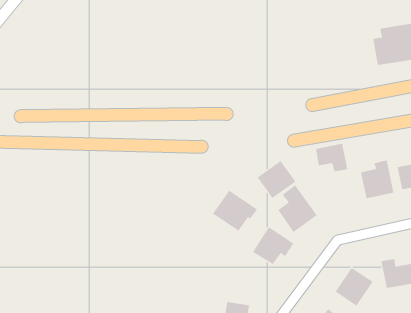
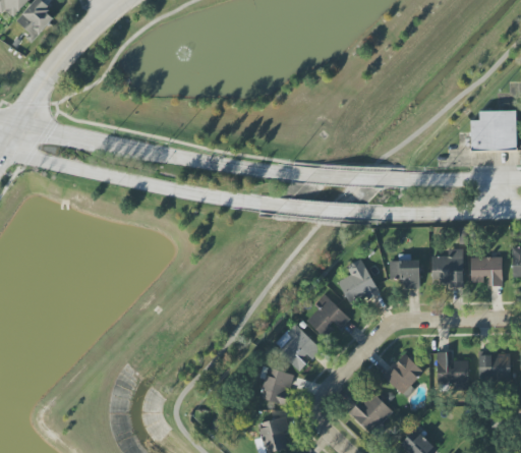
building: [315,143,348,172] -> [390,260,420,288]
building: [257,160,296,199] -> none
building: [212,190,258,231] -> [274,324,322,369]

